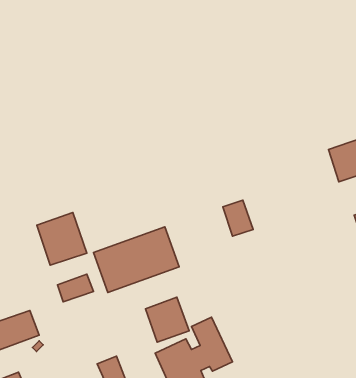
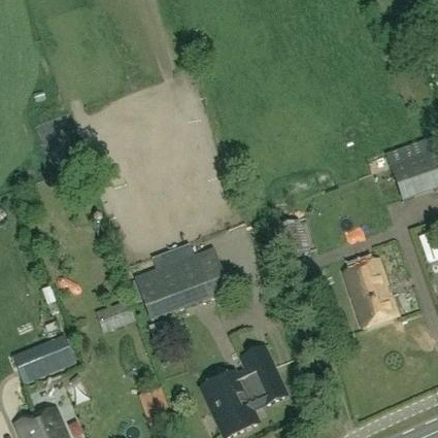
building: [37,212,87,265] -> none
building: none -> [343,256,397,325]
building: [146,297,189,342] -> none

